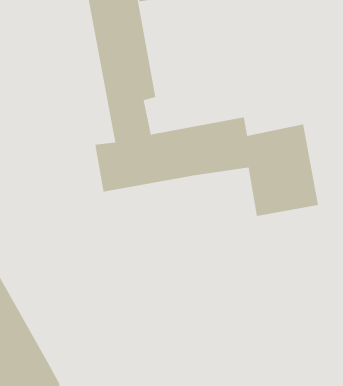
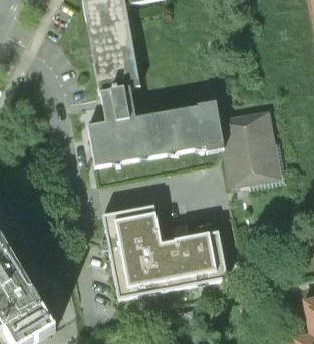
building: none -> [102,206,228,300]

